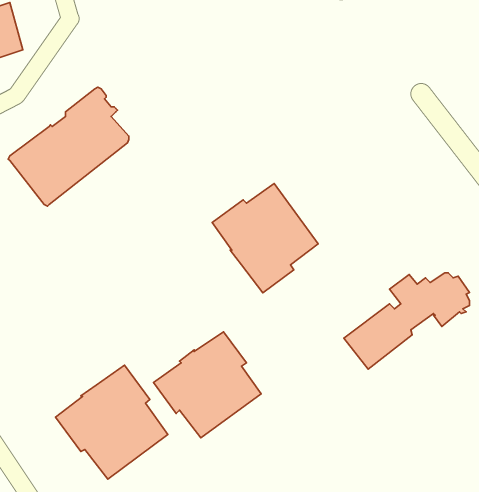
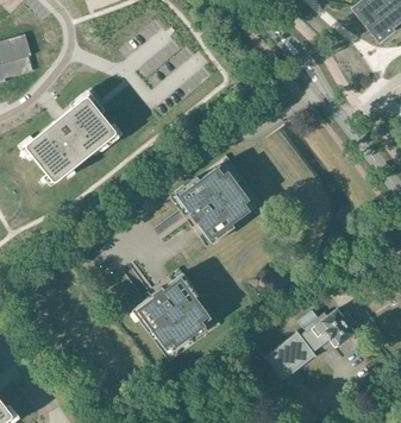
building: [344,273,469,369] -> [264,308,356,378]
building: [56,365,168,479] -> none

